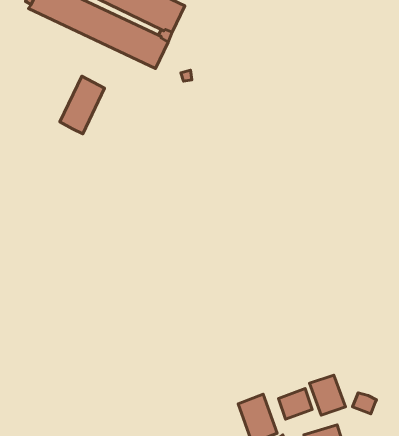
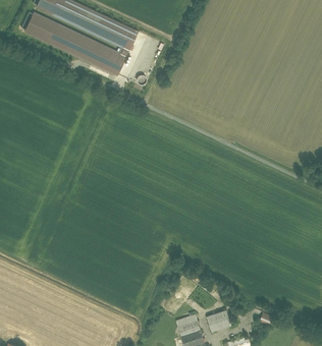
building: [60,76,105,134] -> none
building: [310,375,345,415] -> none

